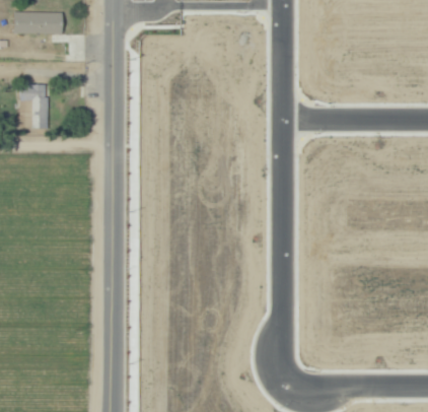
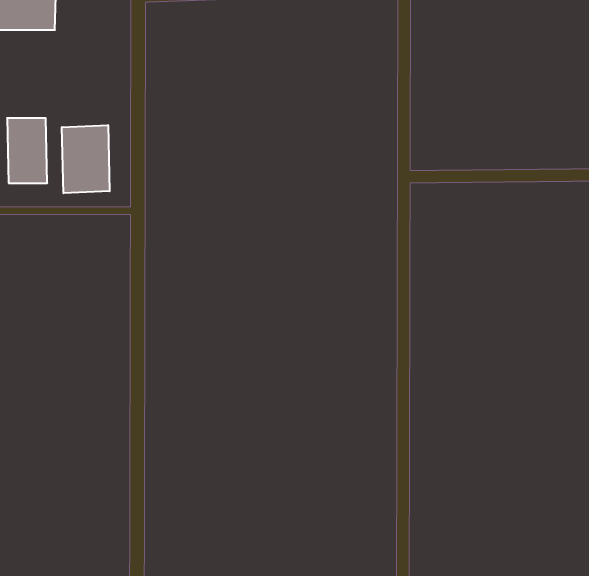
building: none -> [62,125,110,193]

